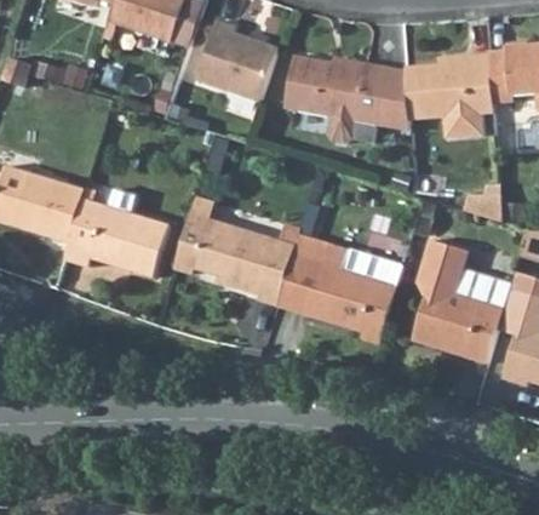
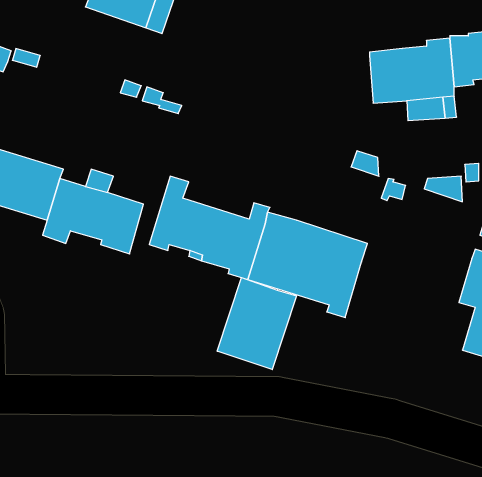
building: [195,19,277,102] -> none
building: [285,56,409,143] -> none
building: [411,239,511,364] -> none
building: none -> [217,278,296,370]

